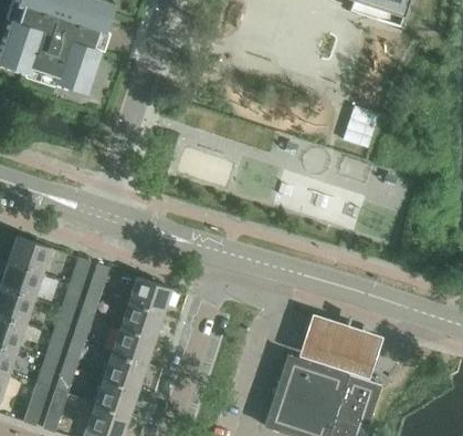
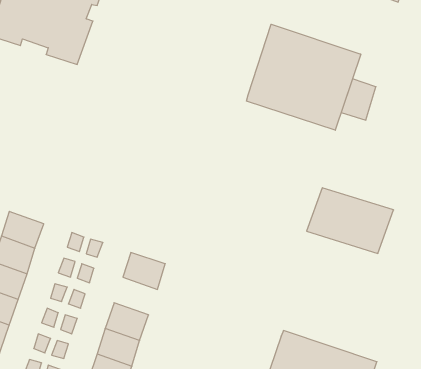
building: none -> [246,24,361,130]
building: [119,302,162,340] -> none
building: [297,312,383,377] -> [307,188,394,253]

